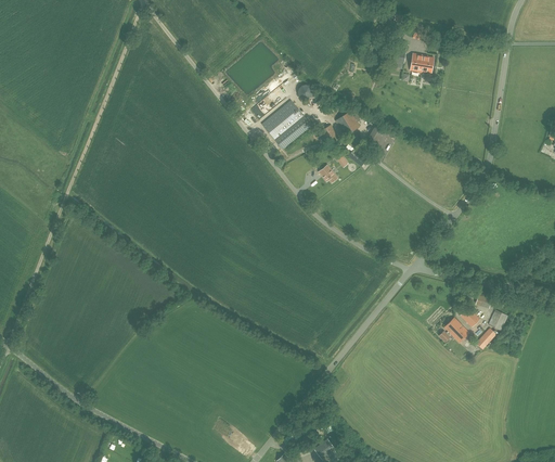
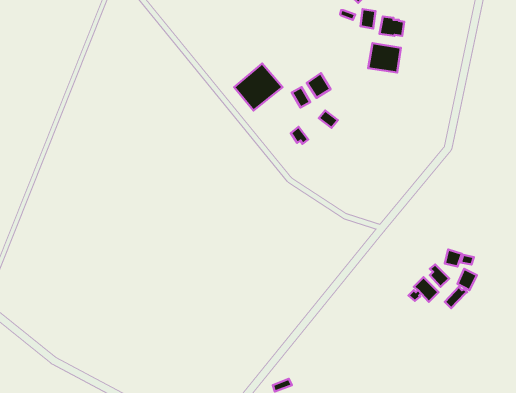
building: none -> [368,43,401,72]

